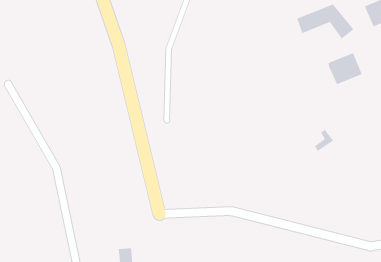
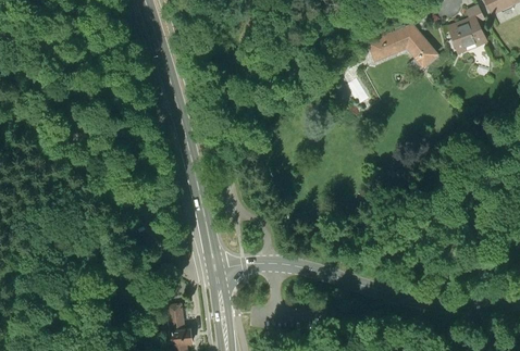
building: [327,52,363,85] -> none

